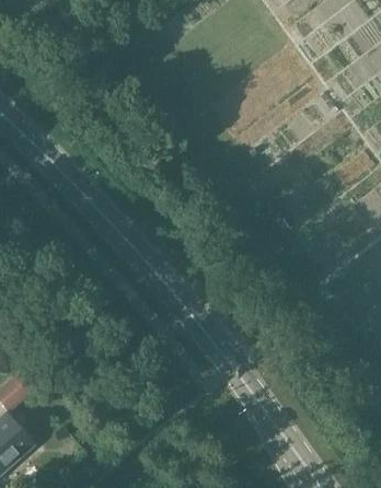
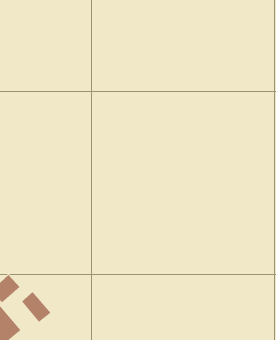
building: none -> [21,291,52,323]

